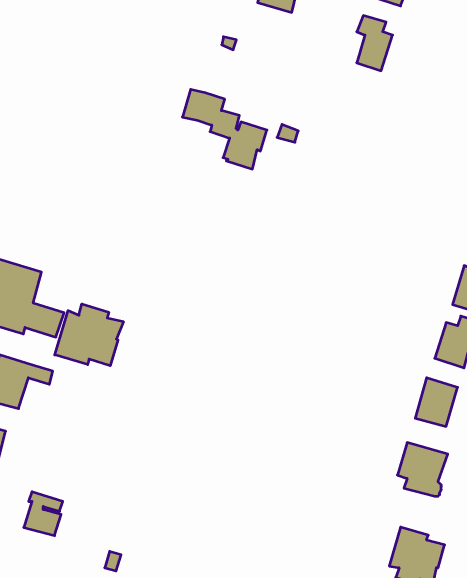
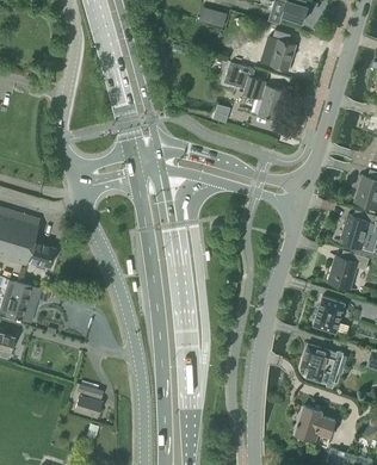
building: [182,89,267,169] -> [224,63,286,122]
building: [55,304,123,366] -> none
building: [24,492,63,536] -> [74,385,103,417]

